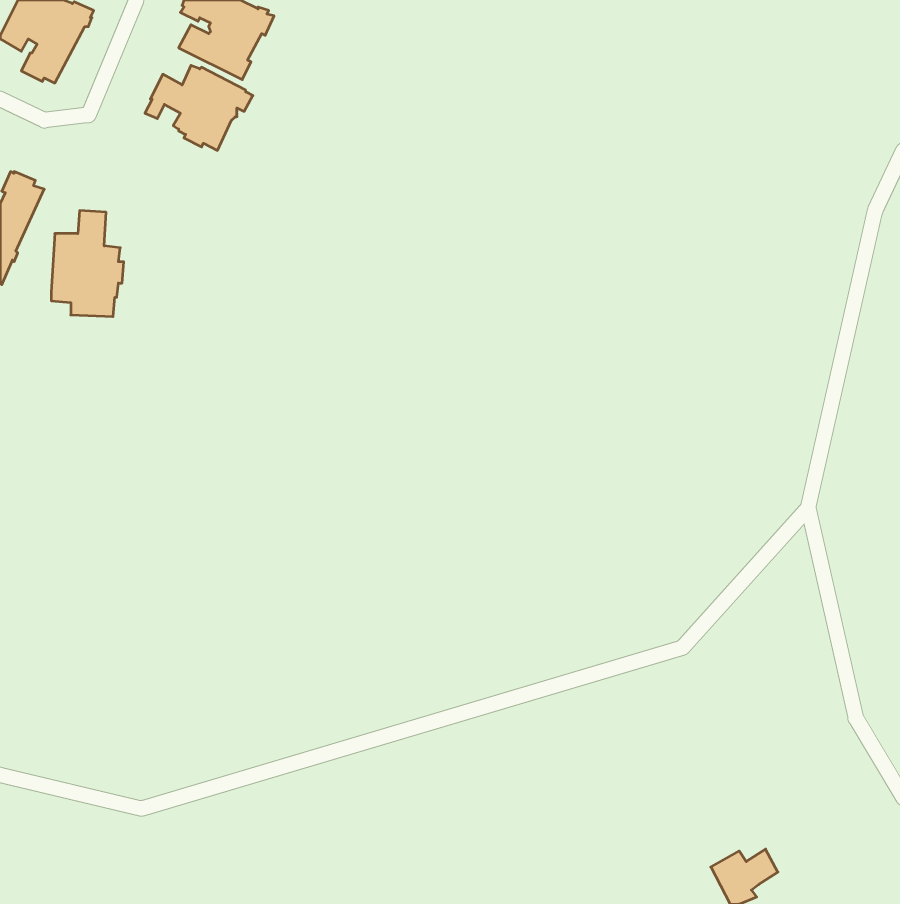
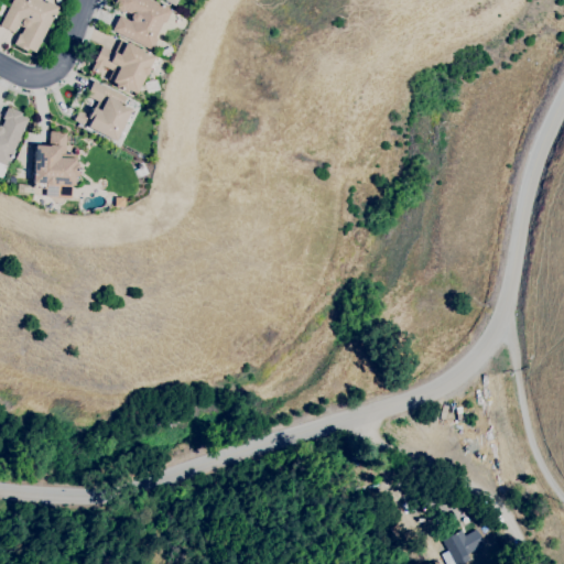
building: none -> [75,80,137,141]

